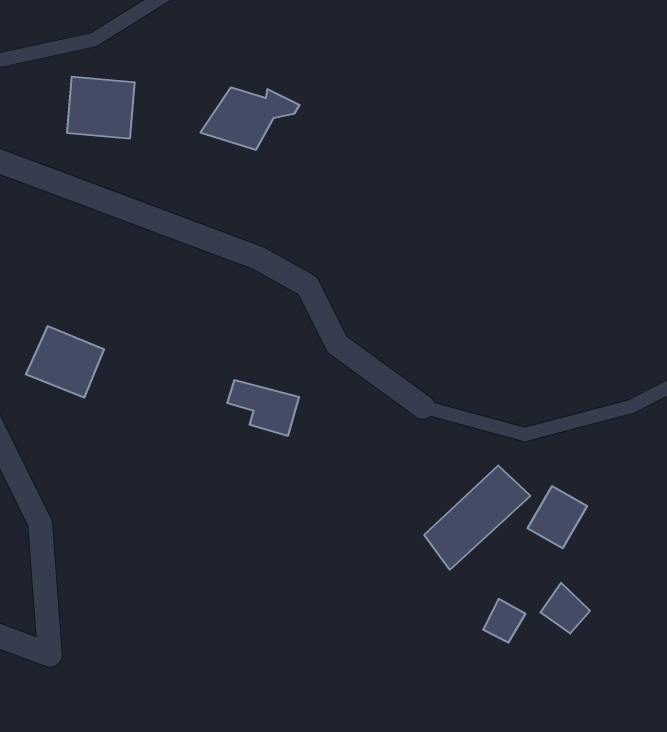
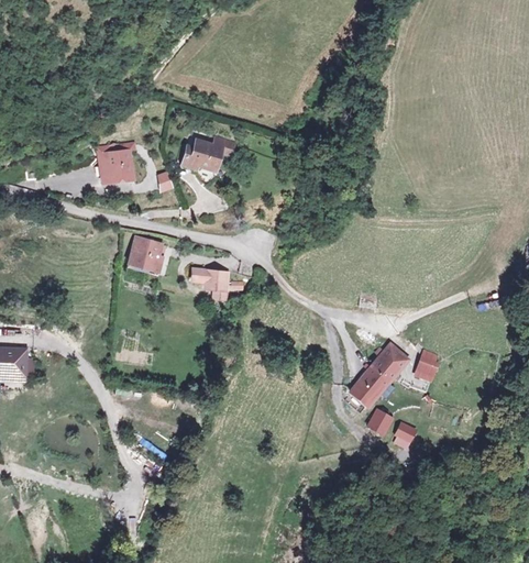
building: [26,326,104,398] -> [123,236,168,276]
building: [227,380,299,436] -> [190,267,233,296]
building: [540,583,590,634] -> [367,409,397,439]

